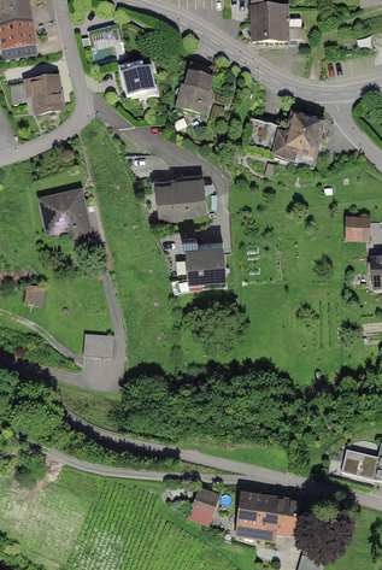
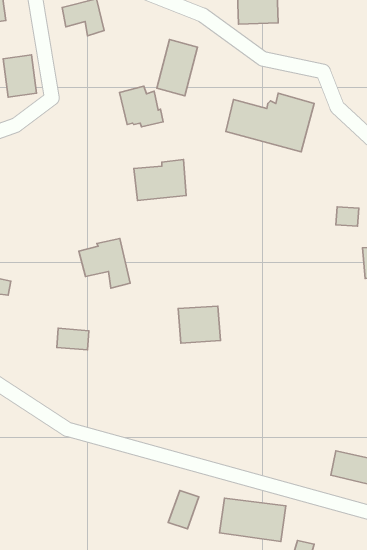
building: [118,60,159,99] -> [120,86,163,127]
building: [41,190,89,237] -> [79,238,130,288]
building: [186,240,225,275] -> [178,306,220,343]

